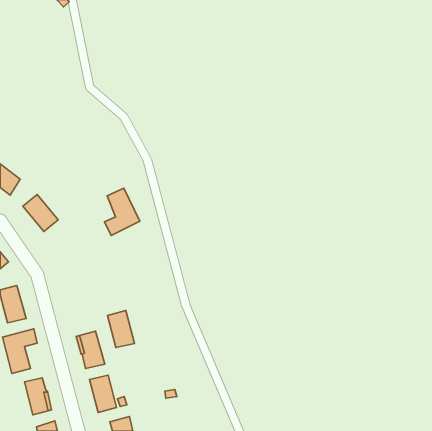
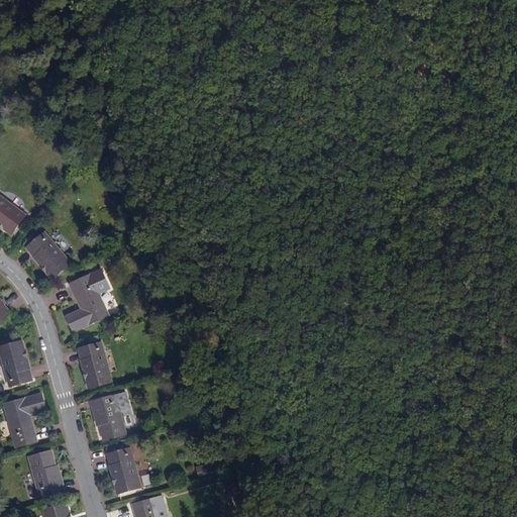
building: [104,188,140,235] -> [67,275,109,331]
building: [107,310,134,348] -> [78,342,110,387]

